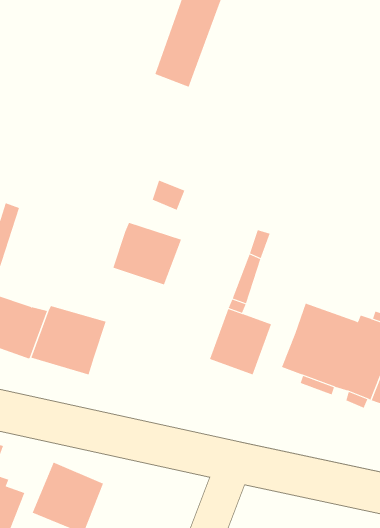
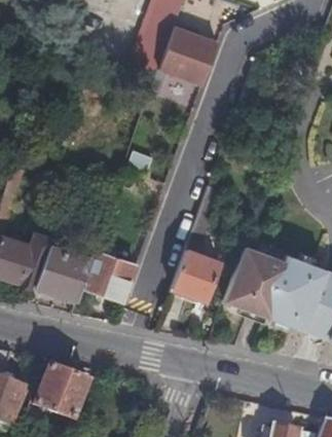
building: none -> [158,22,218,85]
building: [112,222,182,285] -> [81,253,135,301]

